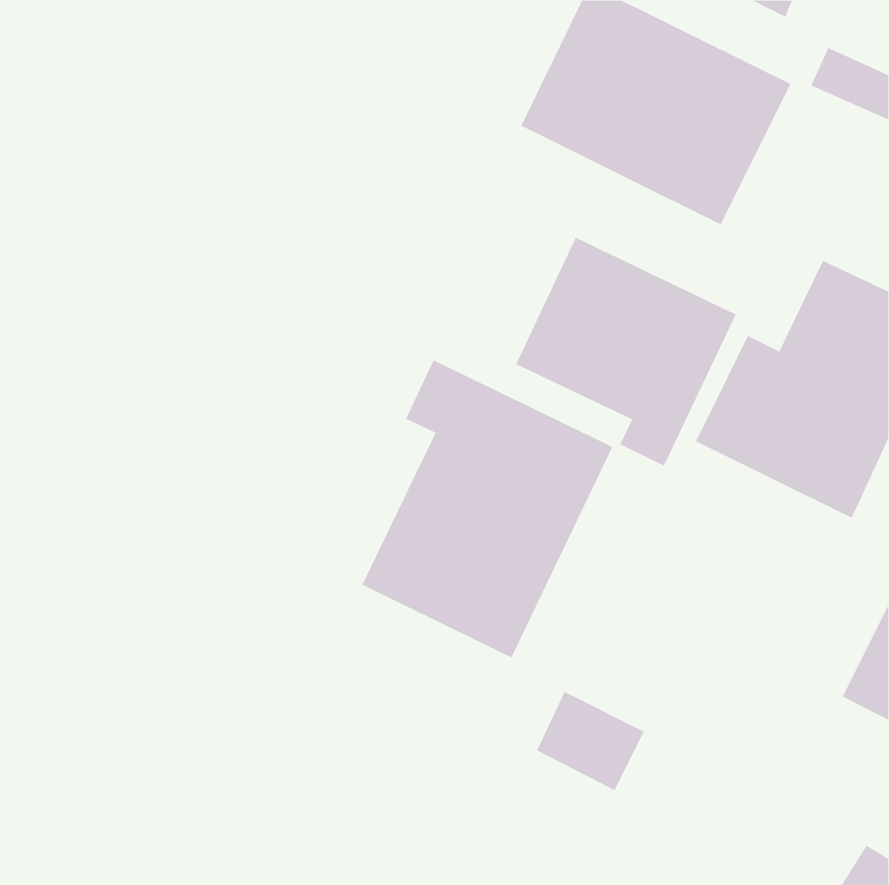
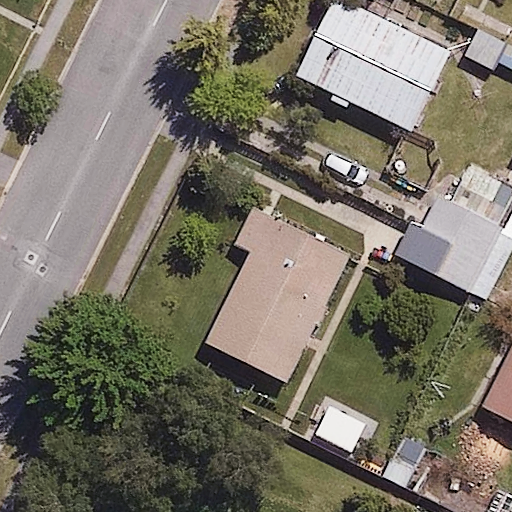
building: [515,237,737,467] -> none

